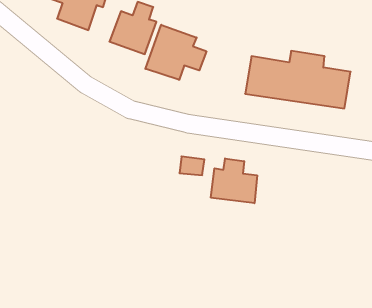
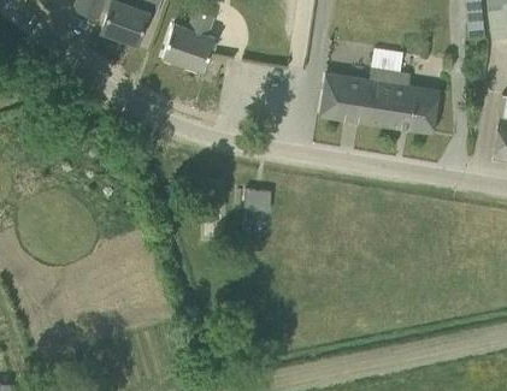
building: [145,25,206,80] -> none
building: [211,158,257,203] -> none

